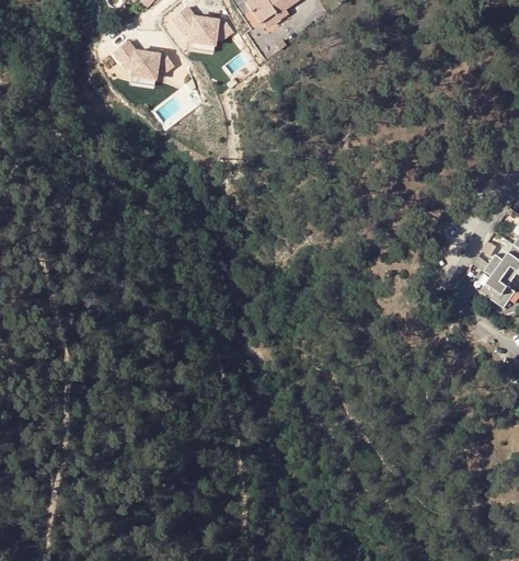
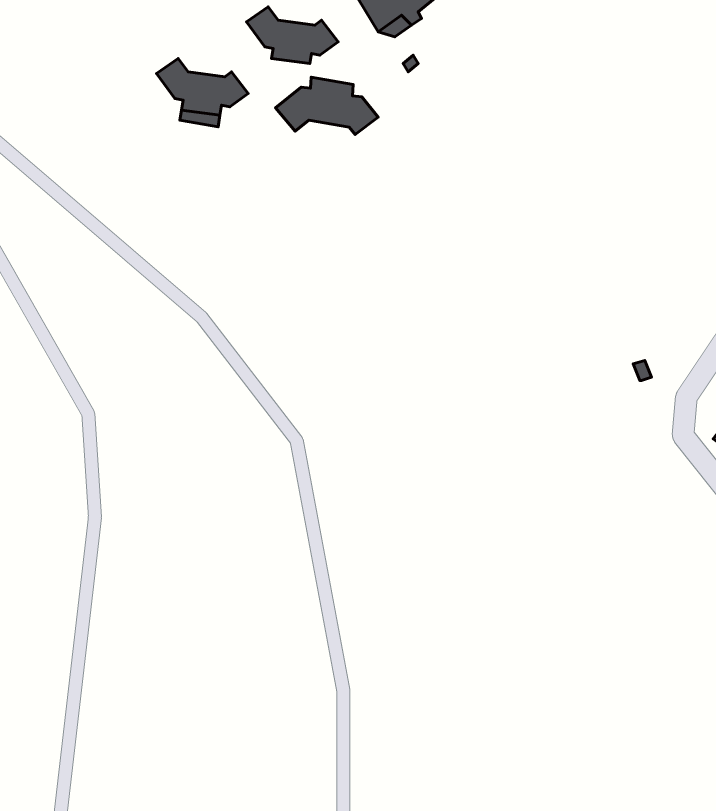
building: none -> [276,77,378,135]

